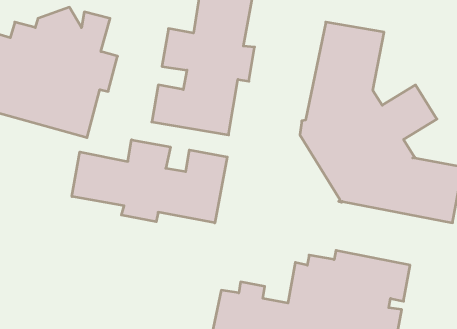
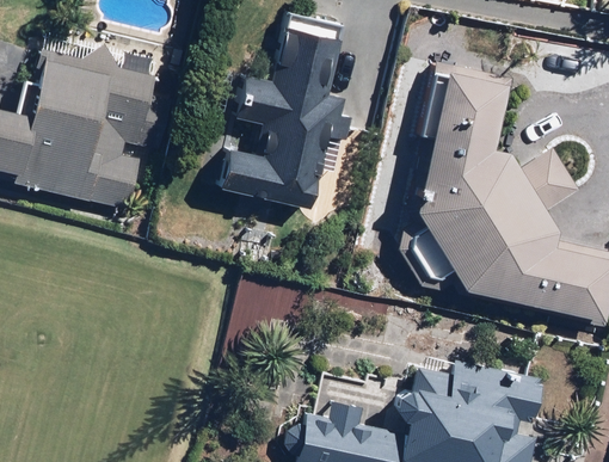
building: [72,140,227,223] -> none

